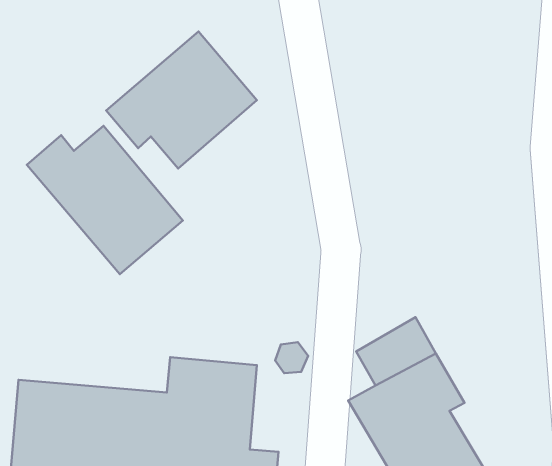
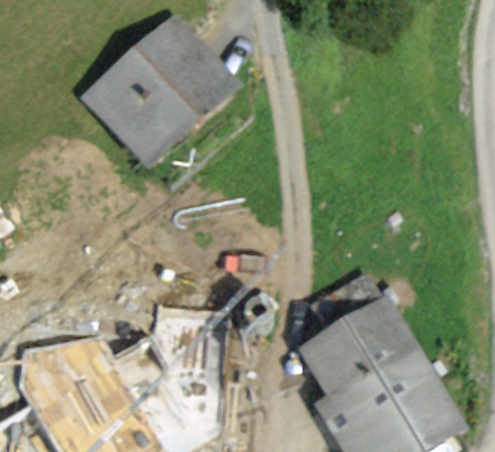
building: [27,126,183,274] -> none

